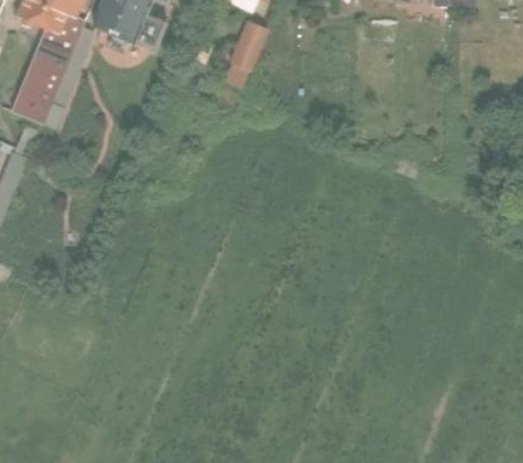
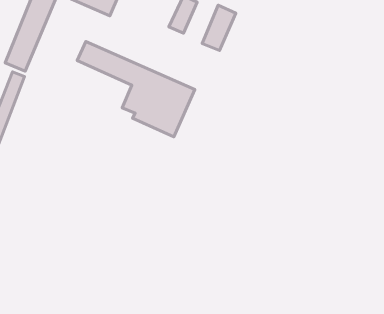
building: none -> [202,5,236,51]
building: none -> [77,42,195,137]

